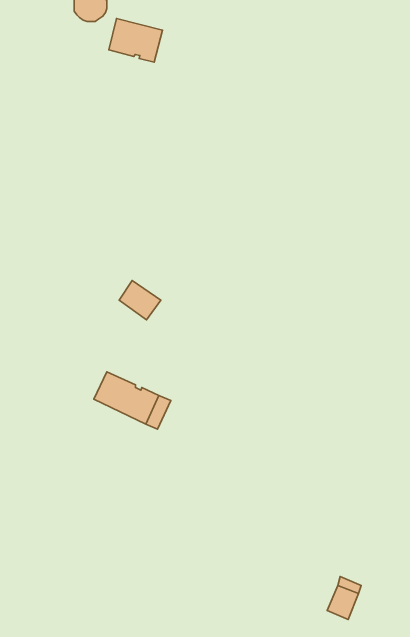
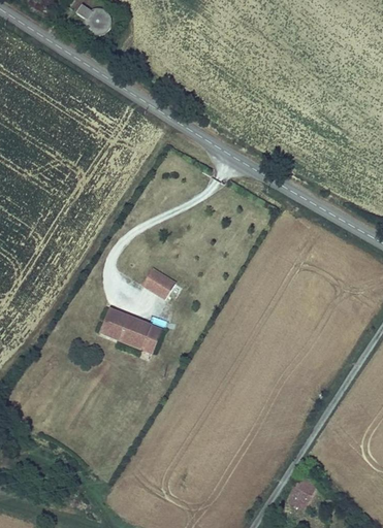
building: [109,19,163,62] -> none
building: [119,281,161,320] -> [141,267,174,298]

